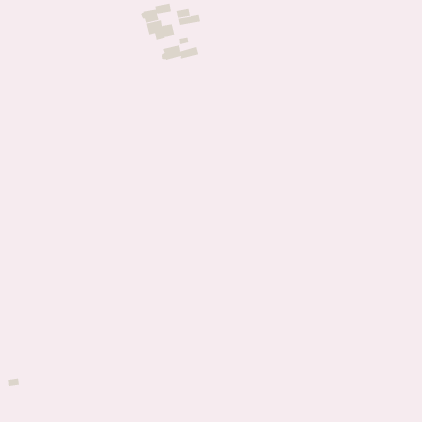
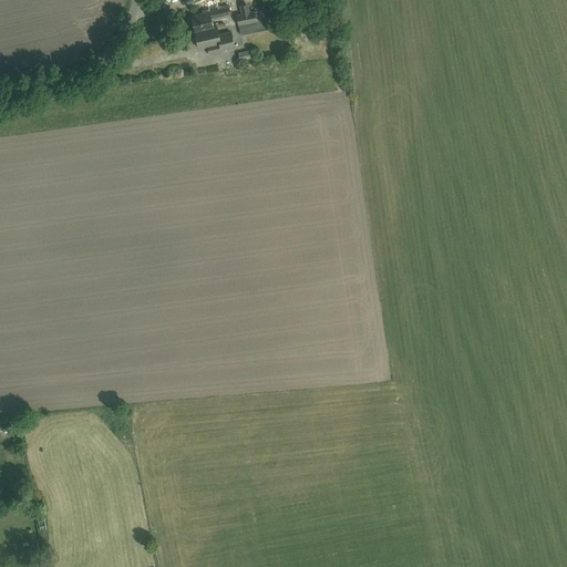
building: [162,45,199,61] -> none

